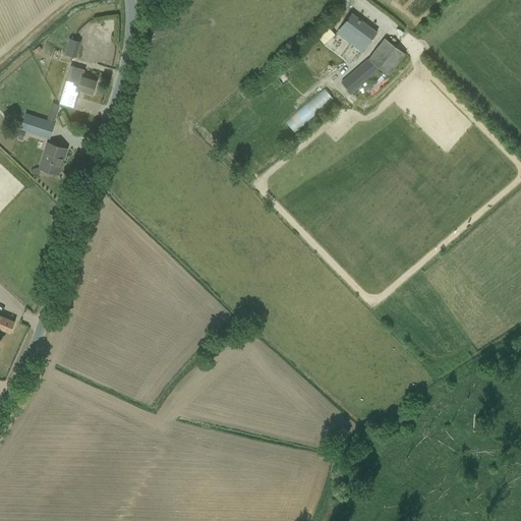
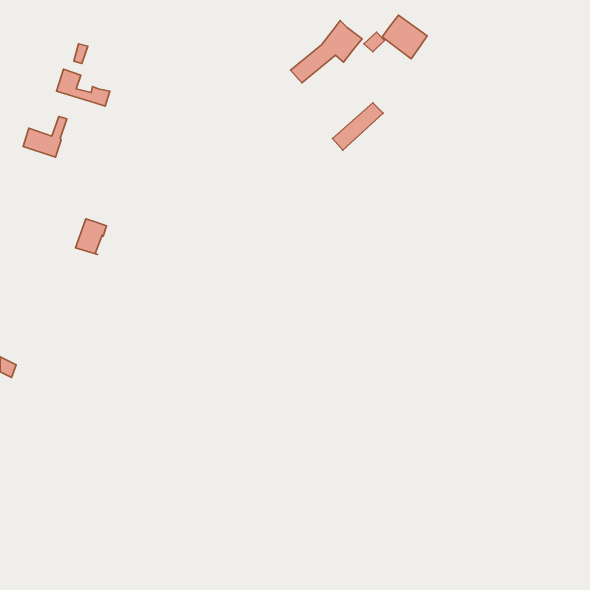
building: [341,38,404,93] -> [290,20,362,83]
building: [39,142,66,174] -> [75,219,107,255]

